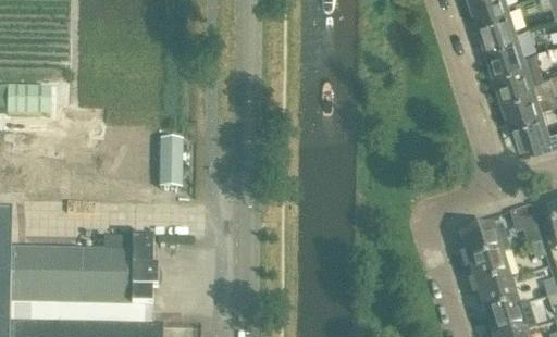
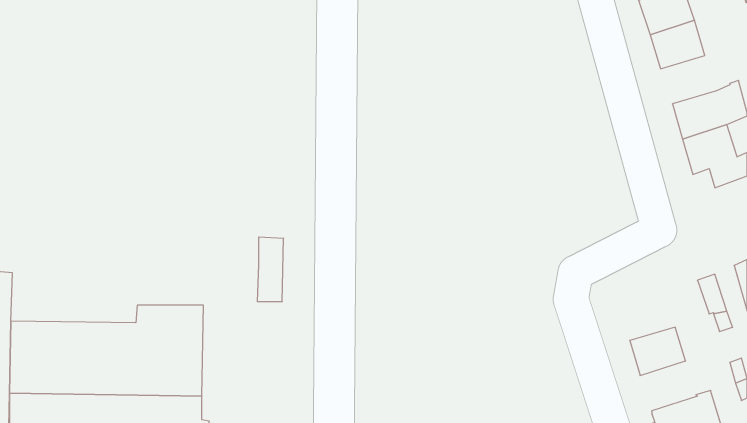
building: [491,45,542,86] -> none
building: [161,135,181,183] -> [257,237,284,302]
building: [458,221,508,261] -> none
building: [475,276,518,313] -> none

